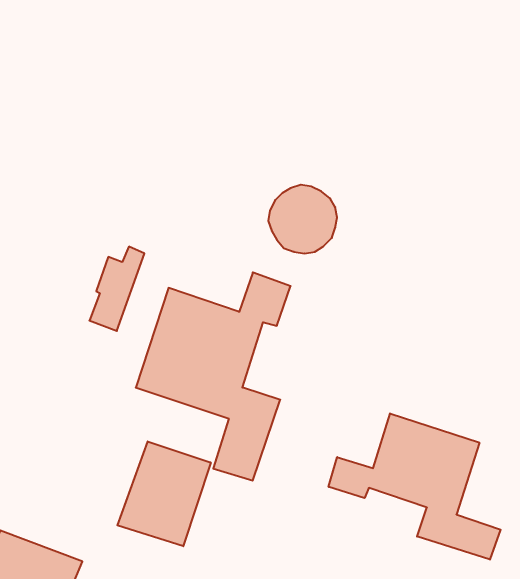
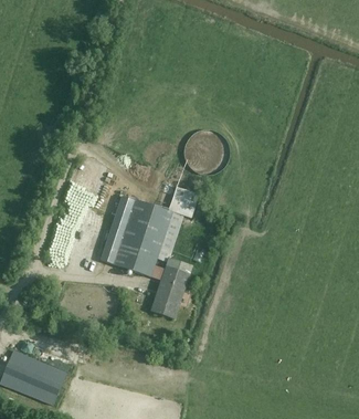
building: [329,413,501,560] -> none
building: [117,441,211,546] -> none

